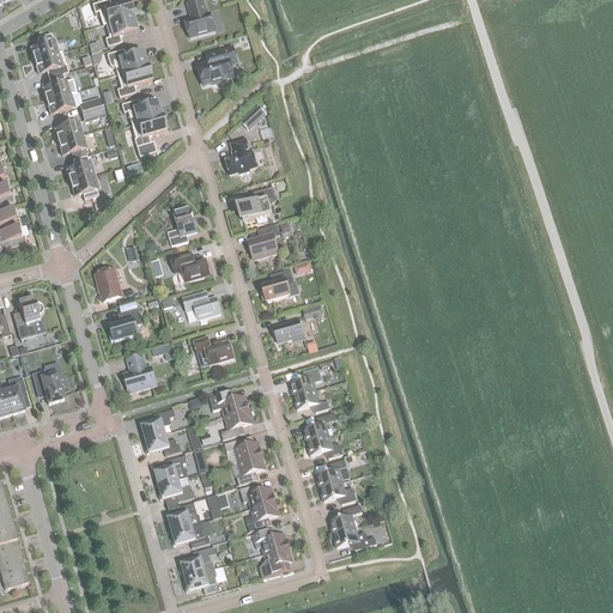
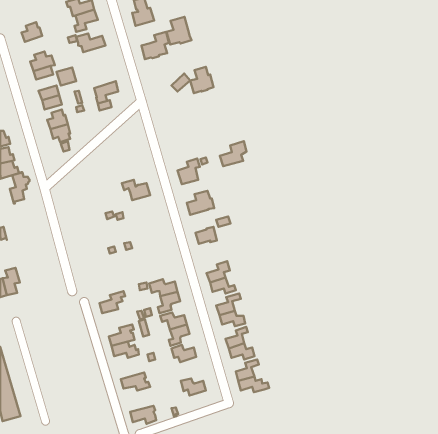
building: none -> [166,17,191,44]
building: [35,50,68,77] -> none
building: [116,63,151,96] -> none
building: [121,97,162,123] -> none
building: [224,136,256,174] -> [190,67,213,93]
building: [238,184,275,219] -> [220,141,246,166]
building: [166,206,196,244] -> none
building: [95,266,136,304] -> none
building: [182,292,220,318] -> none
building: [14,296,42,339] -> [10,173,29,203]
building: [109,306,142,340] -> none
building: [193,335,233,364] -> none
building: [123,353,156,392] -> none
building: [31,368,63,402] -> none
building: [142,432,181,454] -> none
building: [245,499,278,530] -> none
building: [165,500,201,530] -> none
building: [178,545,216,576] -> none
building: [260,546,291,576] -> none

